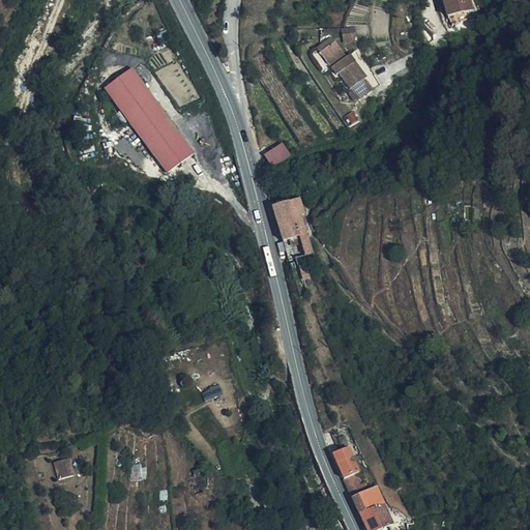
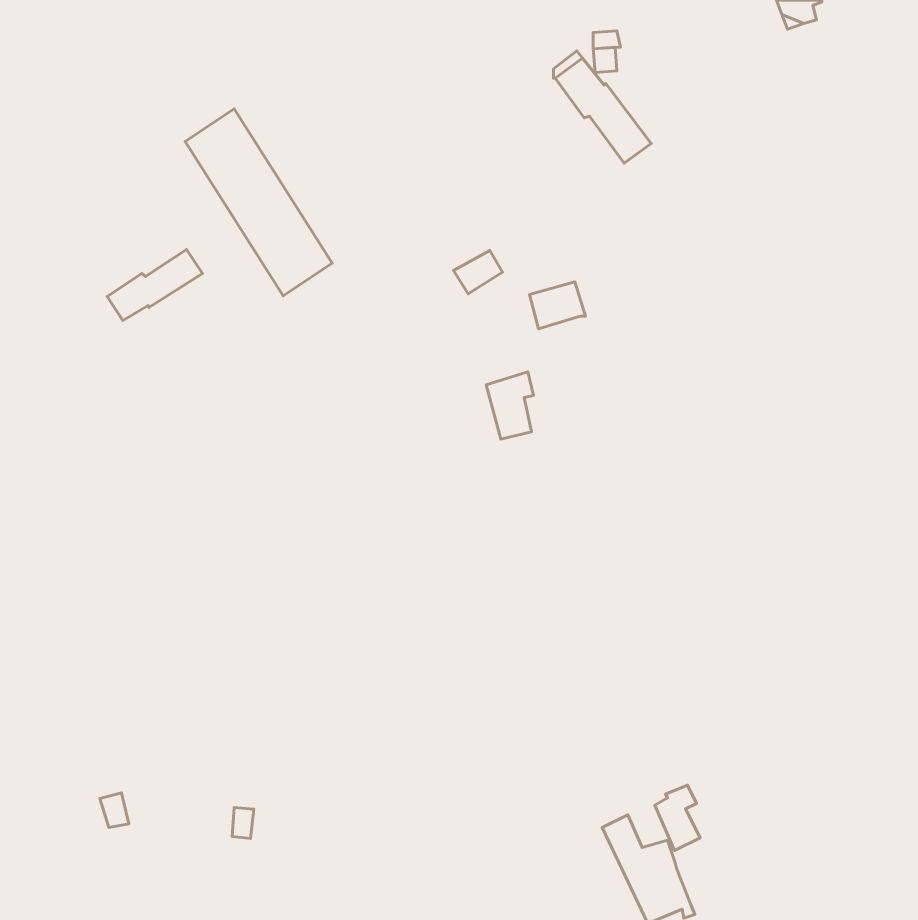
building: none -> [107,249,202,321]
building: [272,197,304,224] -> [529,282,586,329]
building: [332,439,358,476] -> [655,785,700,851]

